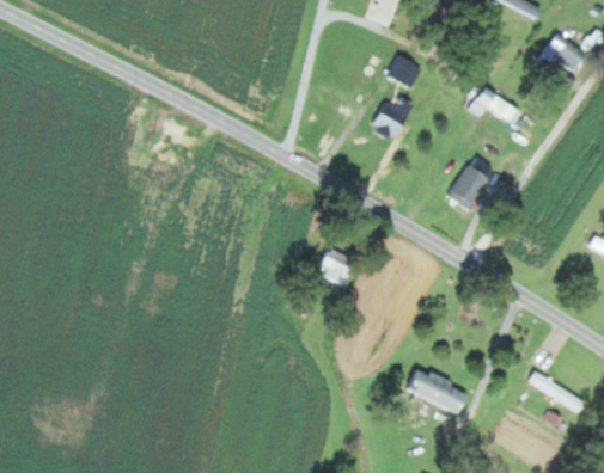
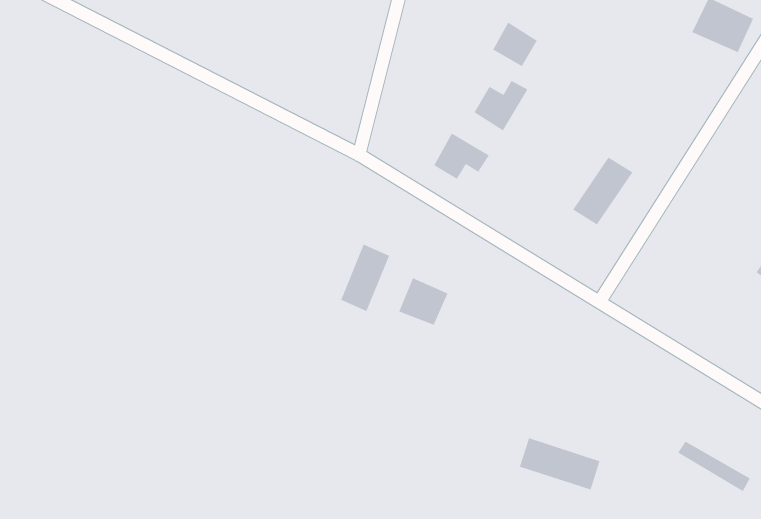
building: [466,86,520,124] -> none
building: none -> [433,132,490,180]
building: none -> [340,243,390,312]

